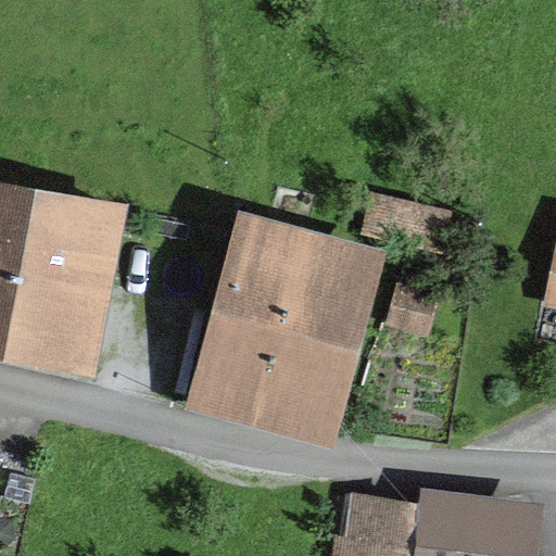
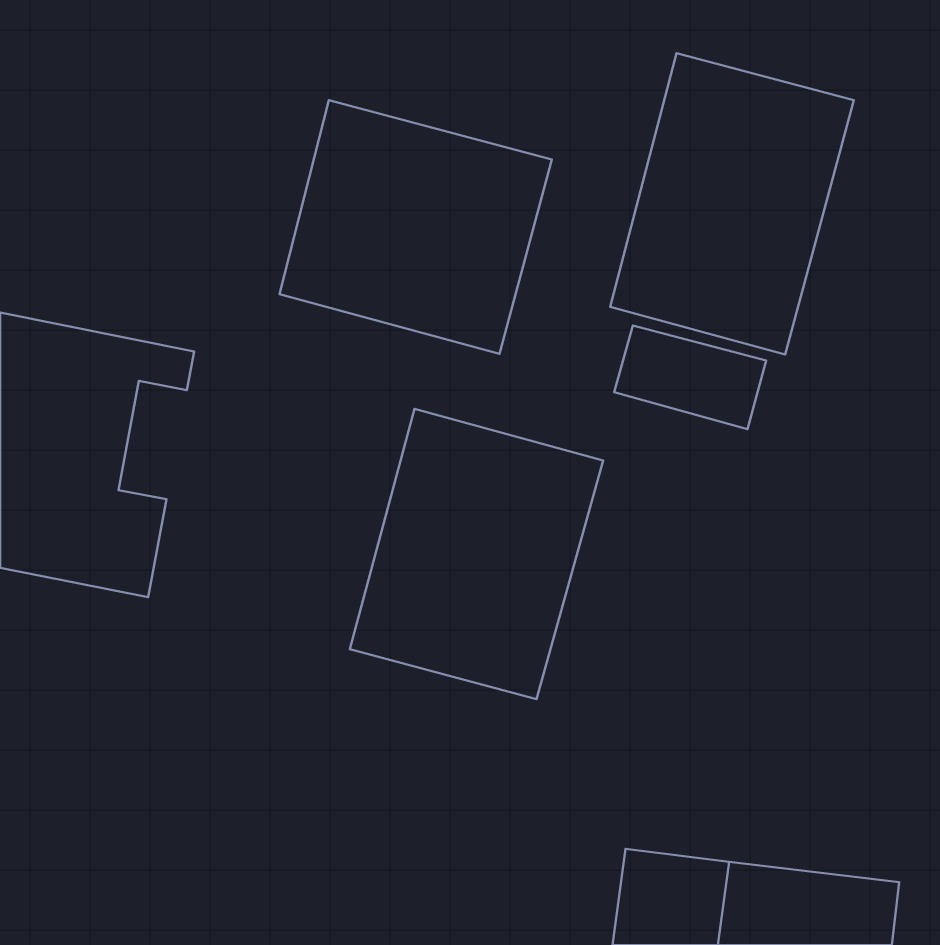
building: none -> [610,53,854,354]
building: none -> [279,100,552,354]

